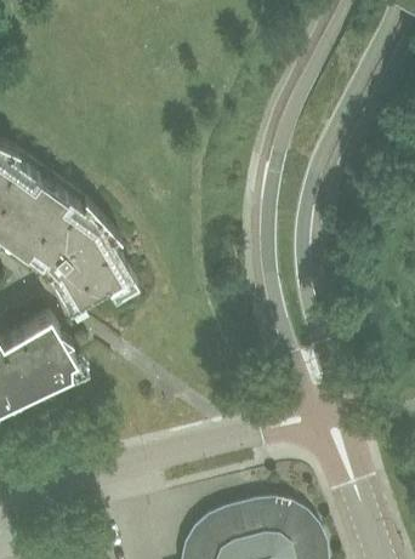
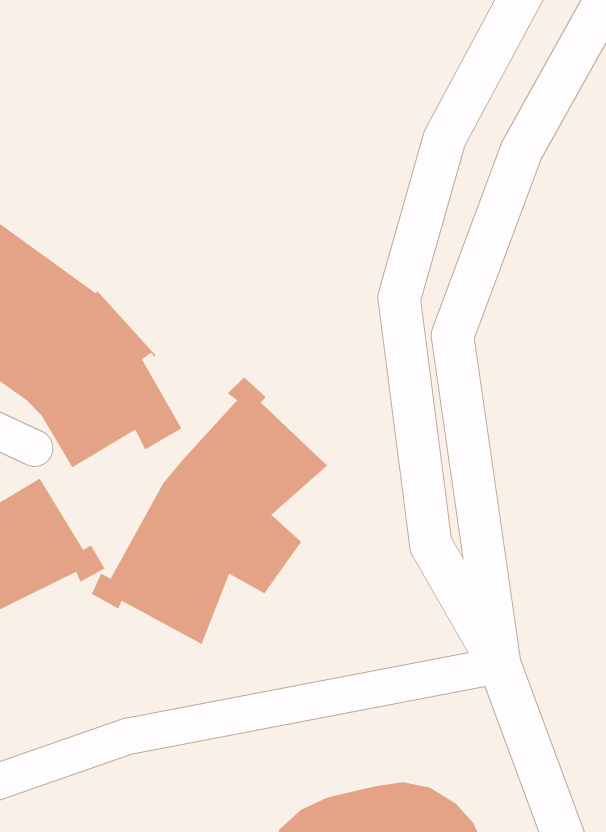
building: none -> [91,377,328,645]

